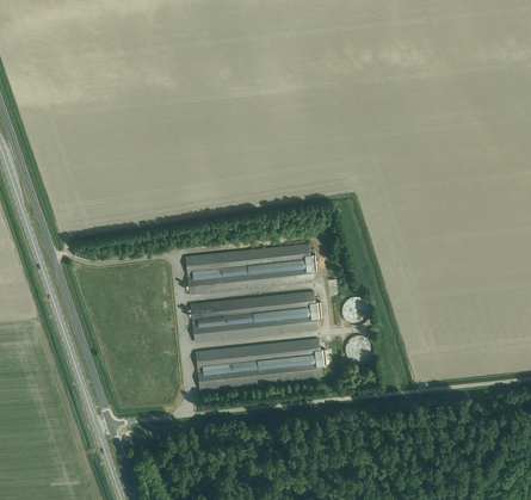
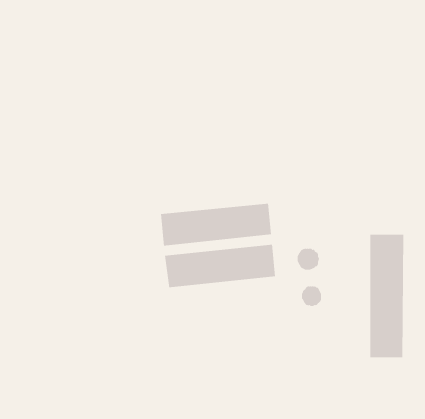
building: none -> [370,234,404,358]
building: [196,338,322,388] -> none

